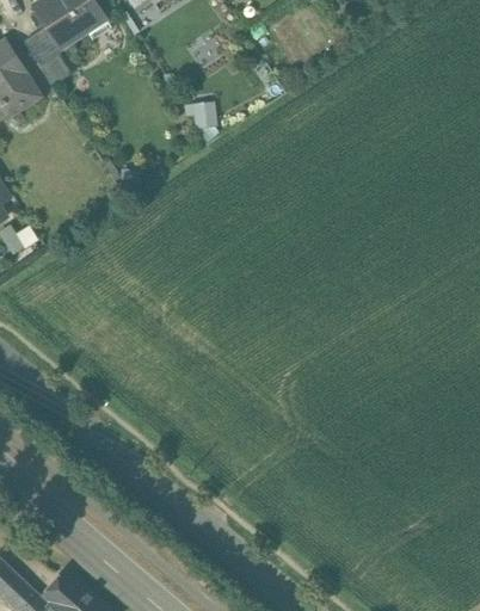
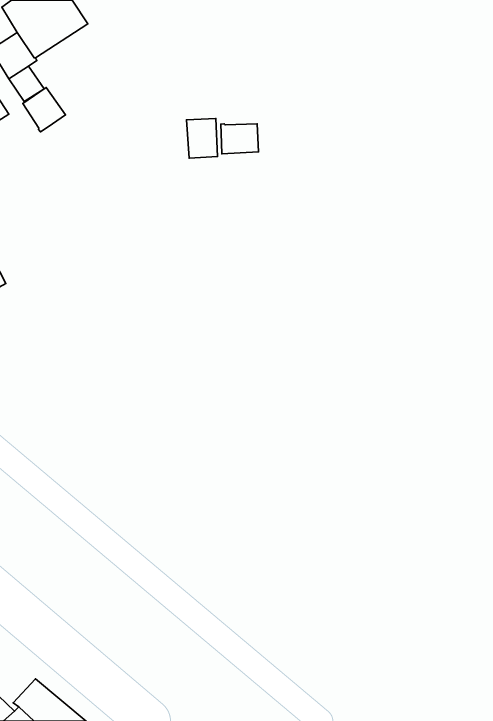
building: none -> [23,87,66,132]
building: none -> [221,124,259,154]

